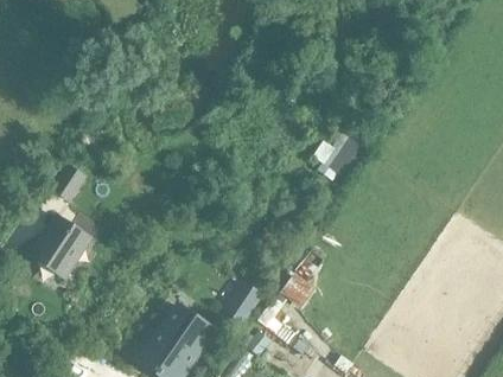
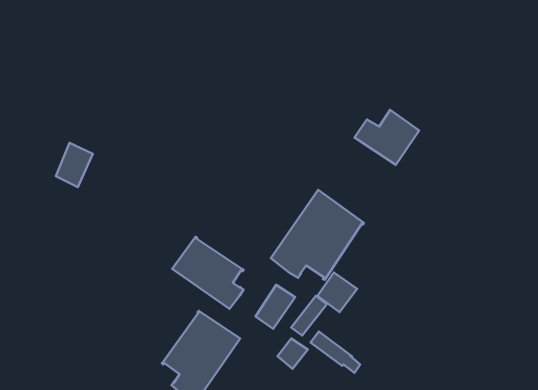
building: none -> [271,190,364,280]
building: [30,217,89,279] -> none
building: none -> [172,237,243,309]

